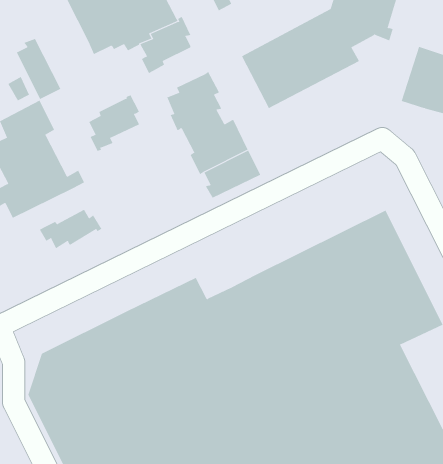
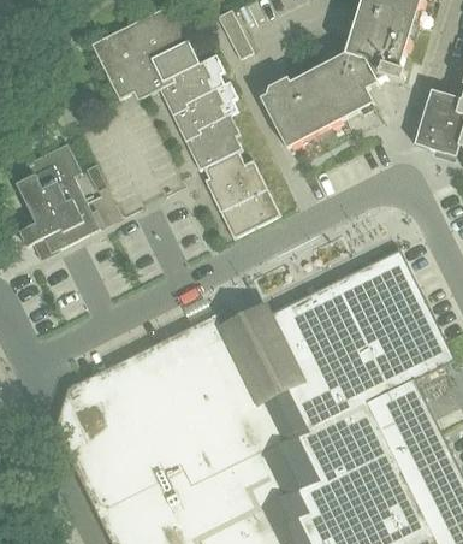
building: [16,38,61,100] -> none
building: [88,94,140,152] -> [176,88,225,143]
building: [39,209,102,249] -> none

